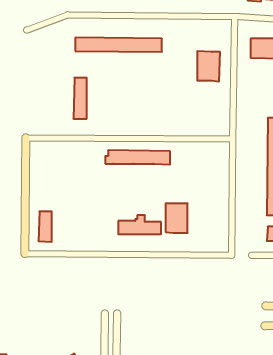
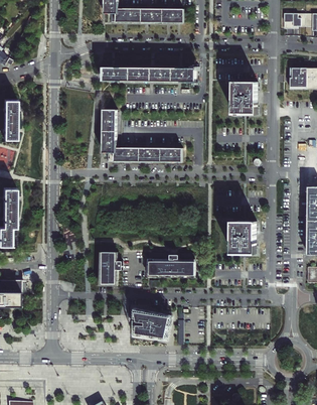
building: [105,150,170,165] -> [113,147,181,162]
building: [166,203,188,233] -> [231,222,255,253]
building: [38,211,52,242] -> [101,252,115,284]
building: none -> [135,309,170,340]

